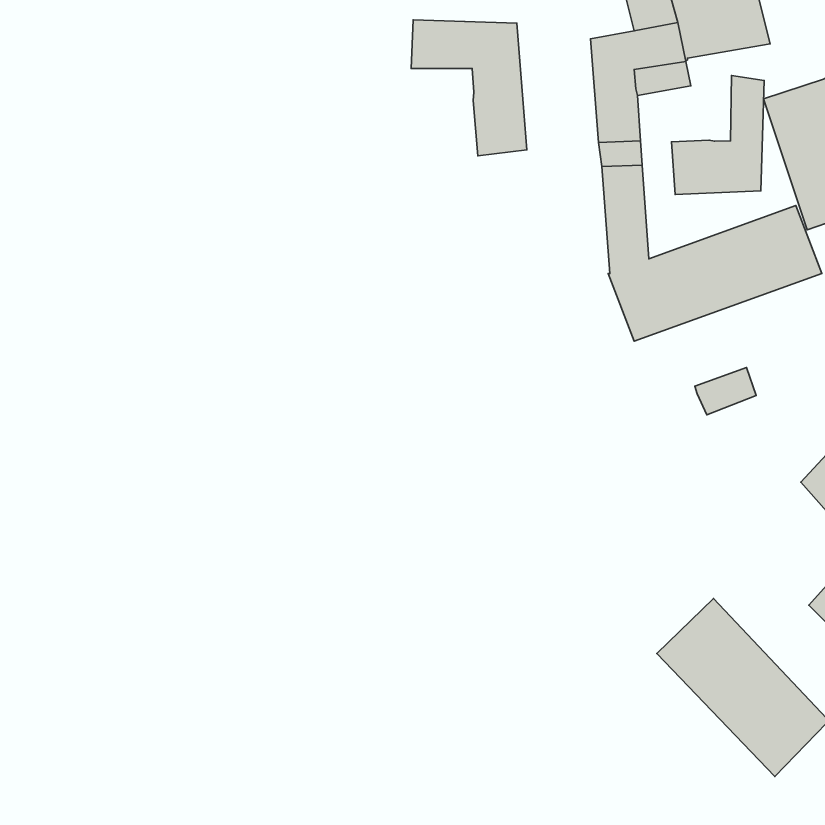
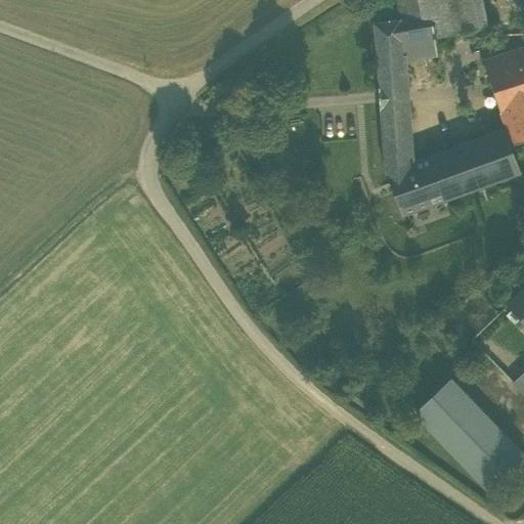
building: [411,20,527,156] -> none
building: [672,75,764,194] -> none
building: [695,368,756,415] -> none

